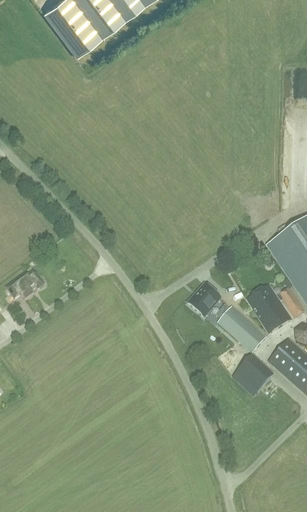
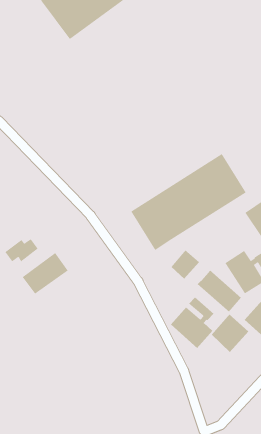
building: none -> [131,153,246,251]
building: none -> [22,252,68,295]
building: none -> [170,297,214,349]

